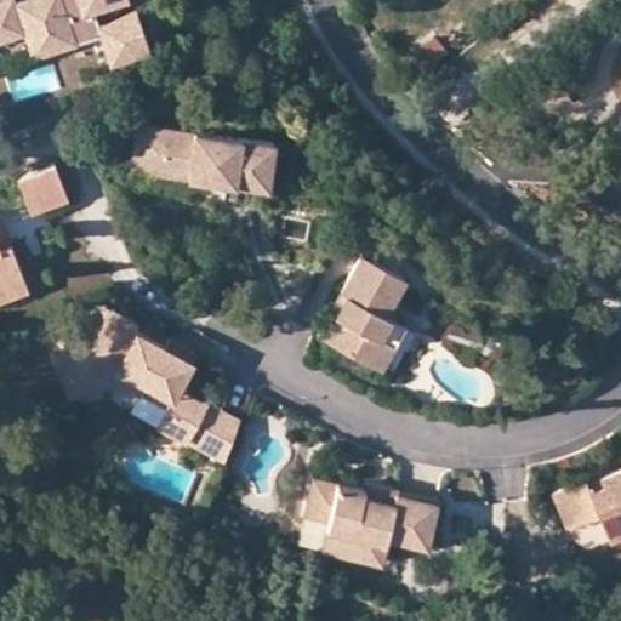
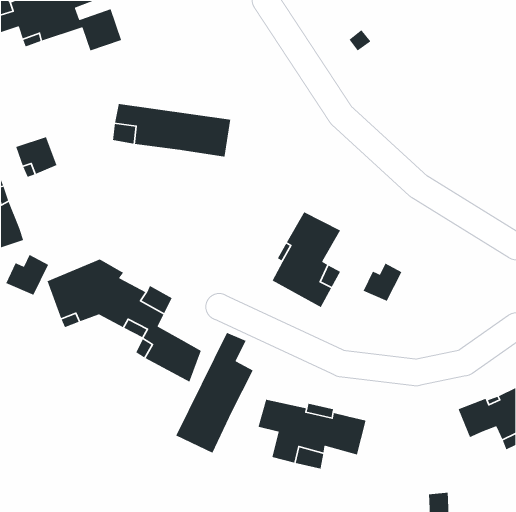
building: none -> [5,254,49,296]
building: none -> [362,262,403,302]
building: none -> [175,332,254,454]

